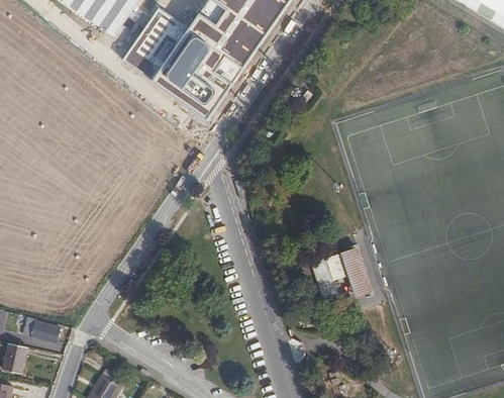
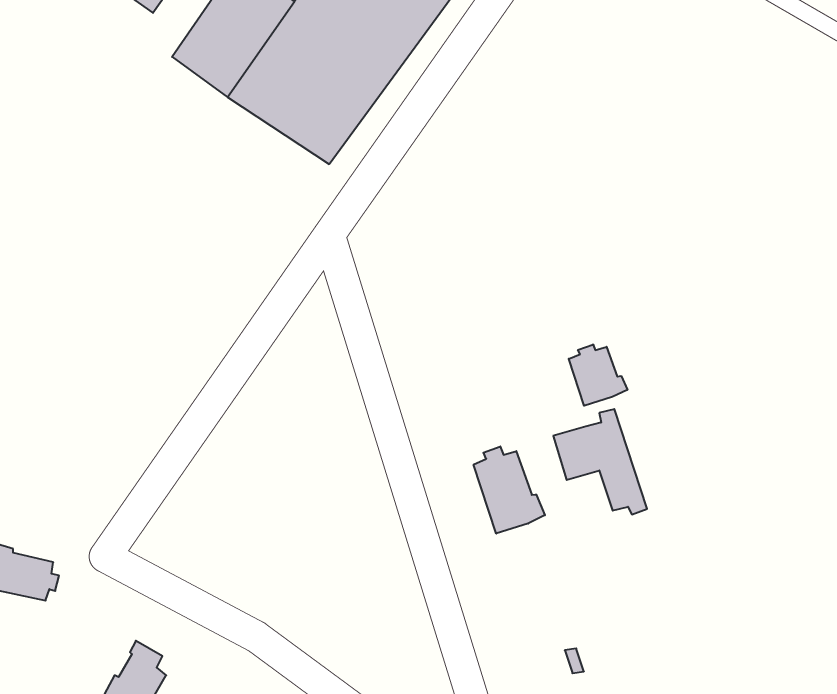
building: none -> [569,344,627,406]
building: none -> [474,446,545,534]

